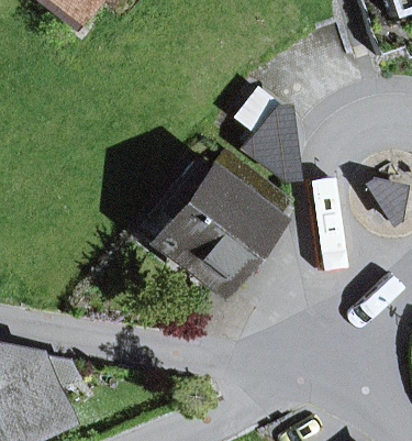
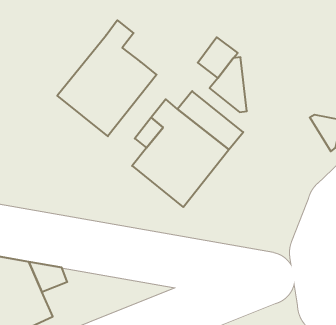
building: none -> [57,20,157,136]

